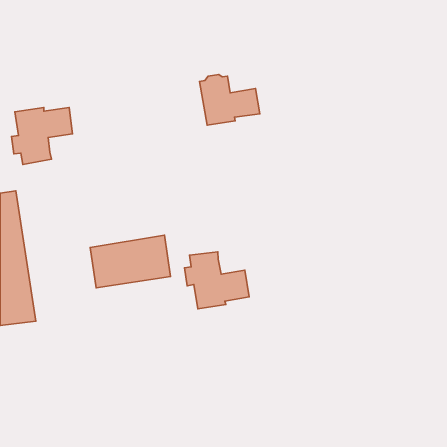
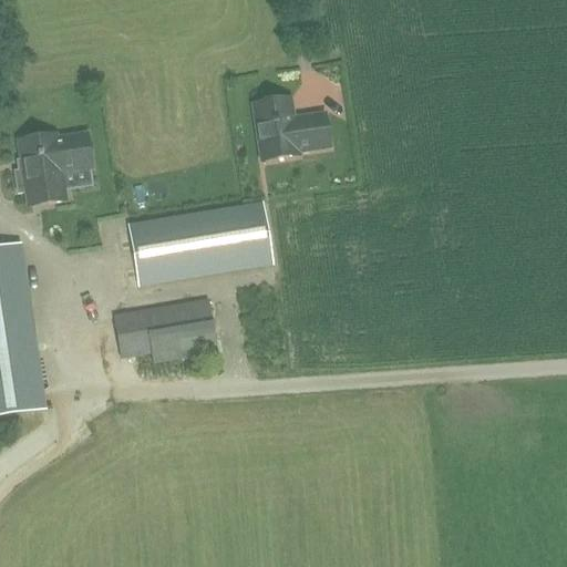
building: none -> [130,202,272,284]
building: [185,252,249,309] -> none

